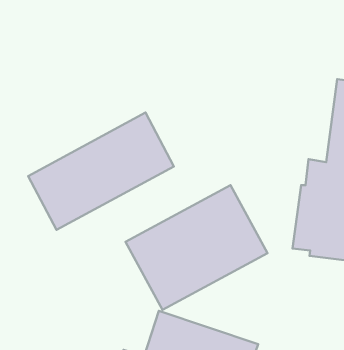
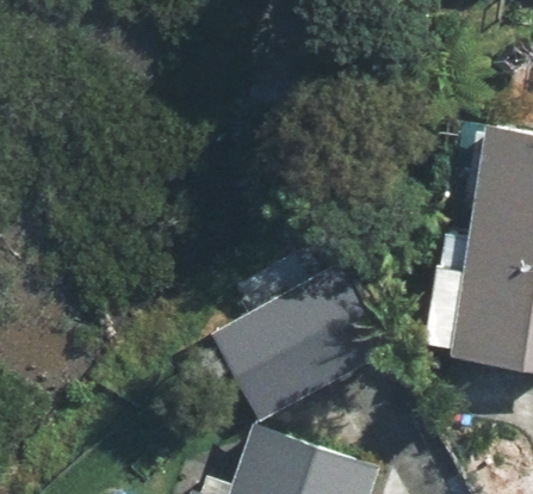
building: [28,113,174,230] -> none

